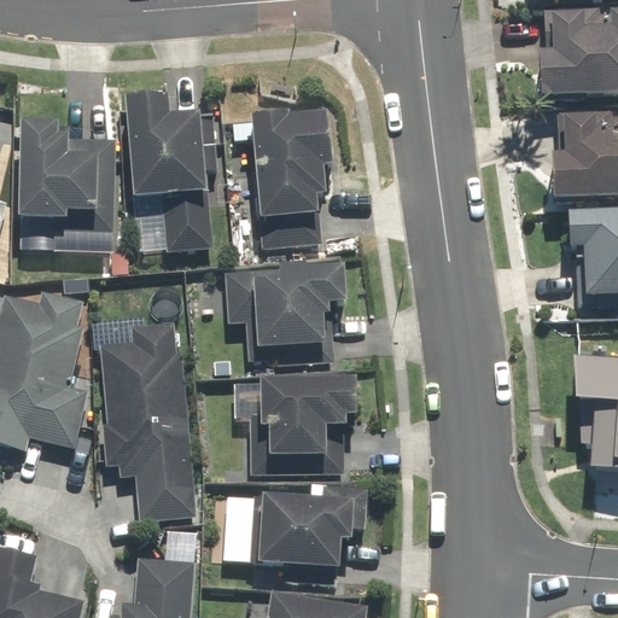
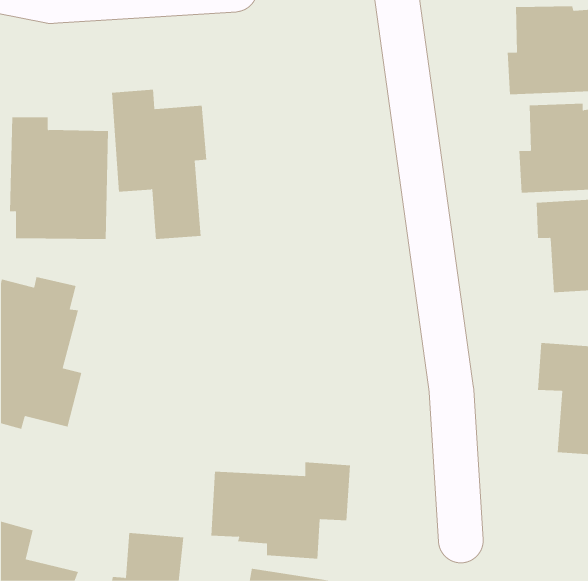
building: [245,109,330,247] -> none
building: [223,261,345,366] -> none
building: [99,319,197,519] -> none
building: [234,378,355,472] -> none

